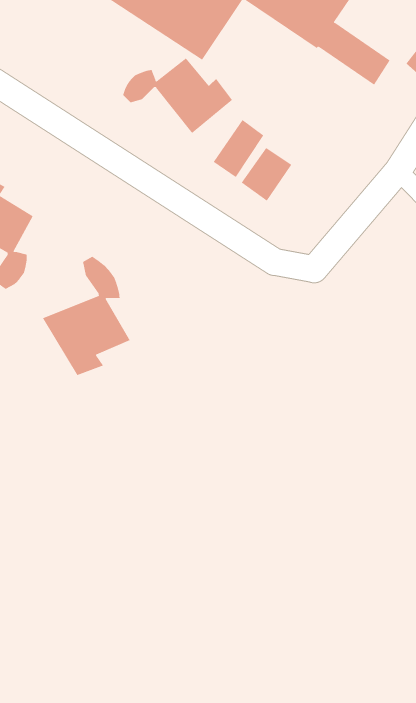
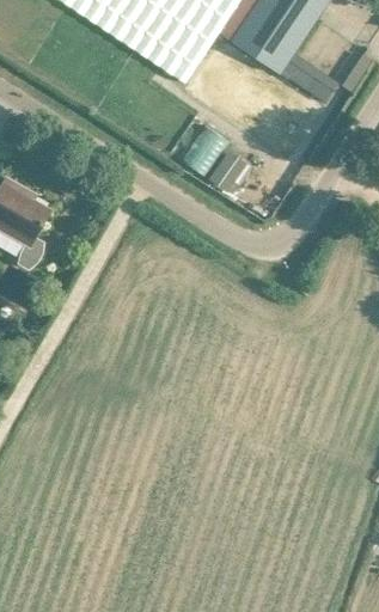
building: [122,57,233,134] -> none
building: [42,256,131,376] -> none

